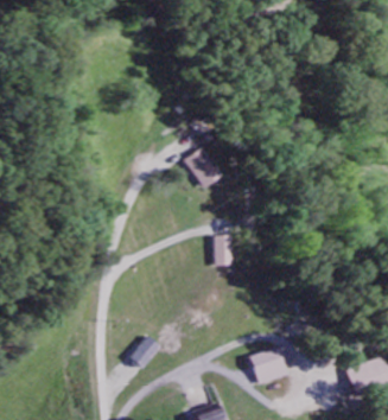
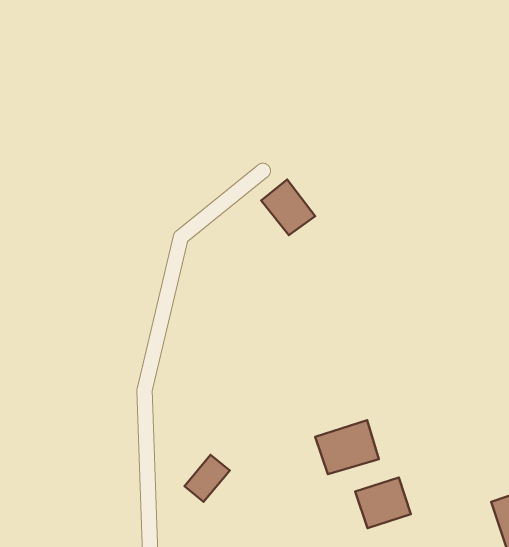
building: [214,231,233,263] -> none
building: none -> [315,420,379,474]

